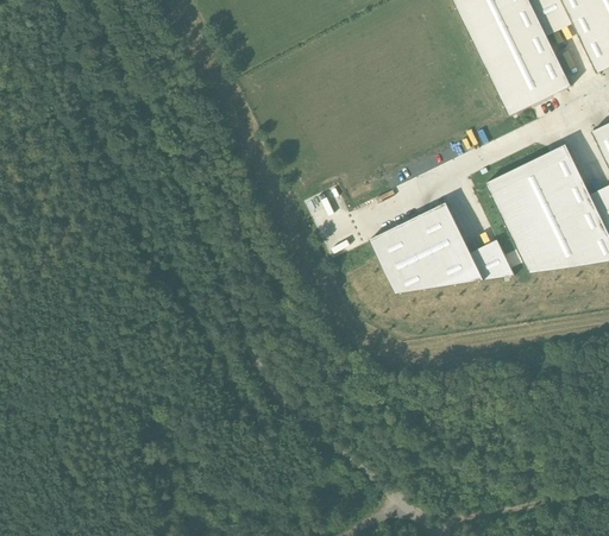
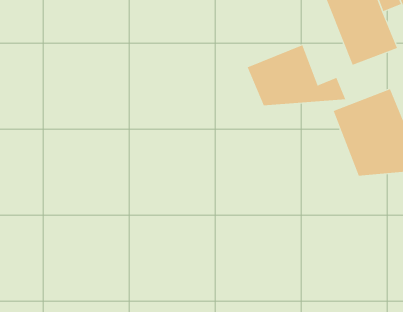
building: [370,201,515,292] -> [247,45,346,106]

